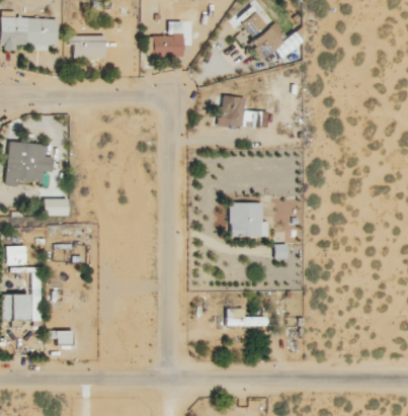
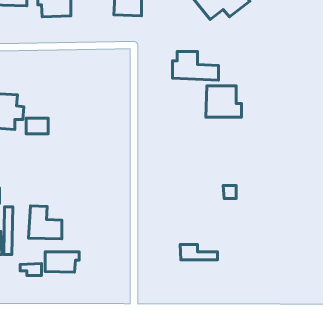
building: [44,198,68,216] -> [26,118,48,134]
building: [229,202,268,237] -> [206,86,242,117]
building: none -> [29,206,62,239]
building: none -> [45,252,79,272]

